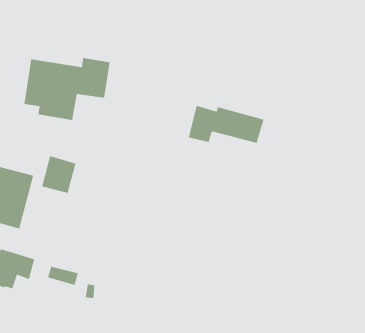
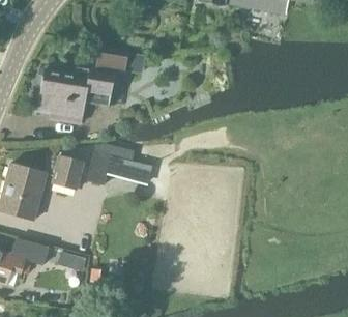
building: none -> [96,47,127,69]
building: [188,105,264,144] -> [86,151,153,185]

